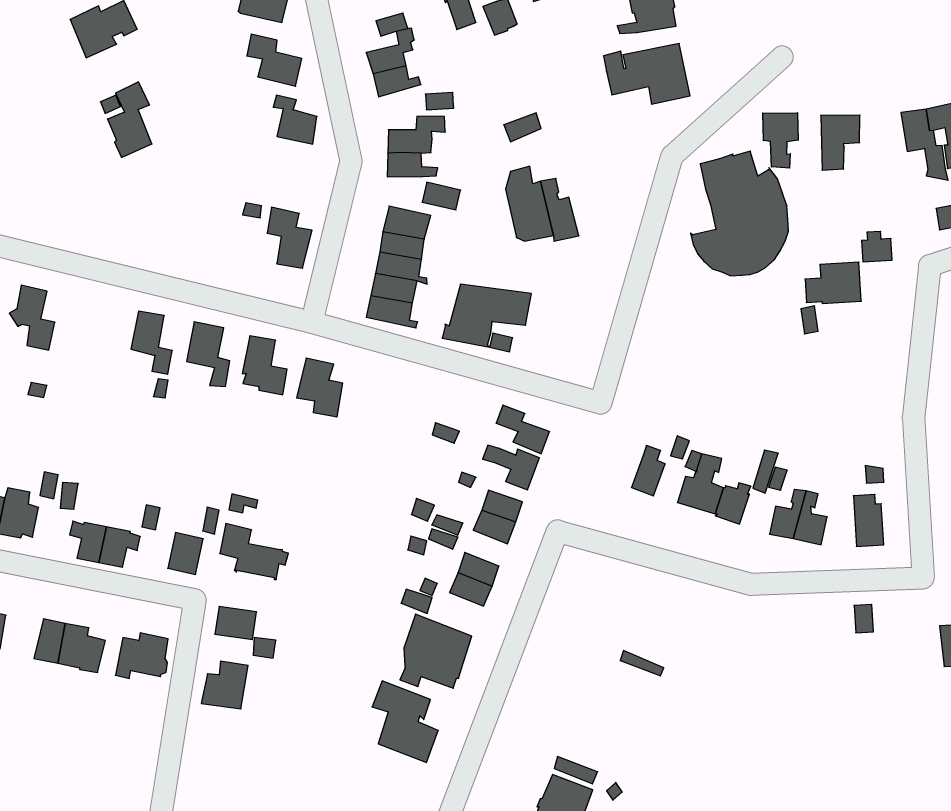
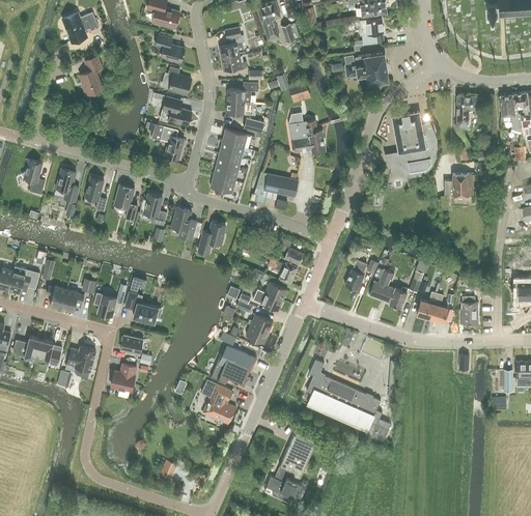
building: [763,113,798,168] -> none
building: none -> [162,96,191,125]
building: none -> [55,169,78,202]
building: none -> [197,223,224,255]
building: none -> [306,361,393,439]

